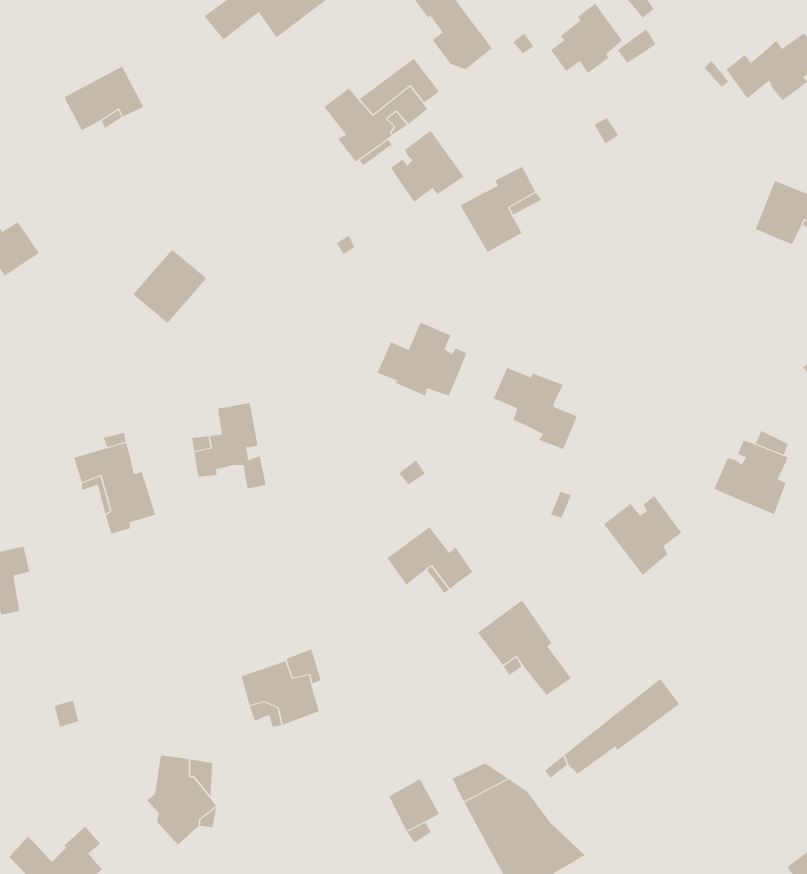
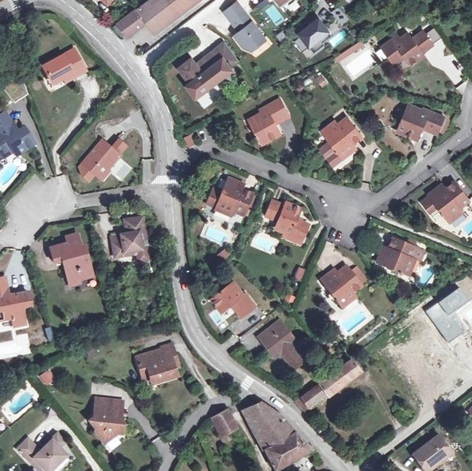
building: [391,130,464,203] -> none
building: none -> [319,118,362,165]

